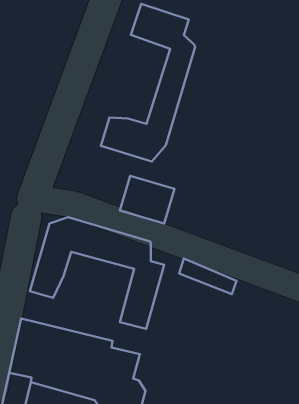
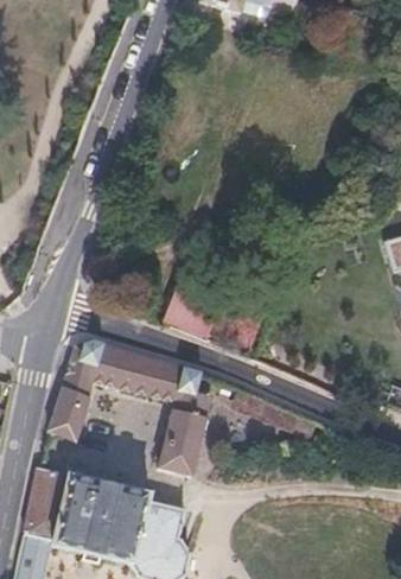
building: [101,4,195,161] -> none

